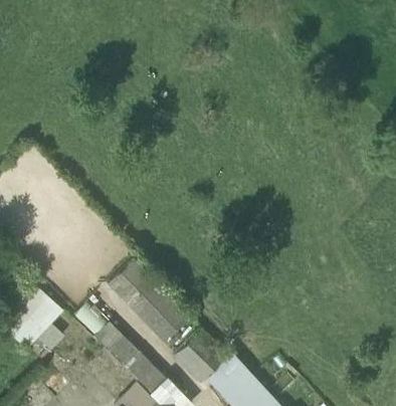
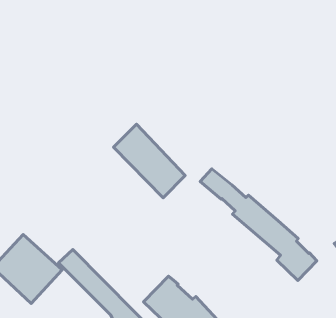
building: none -> [200,169,317,280]
building: [107,260,188,344] -> [114,124,185,198]

